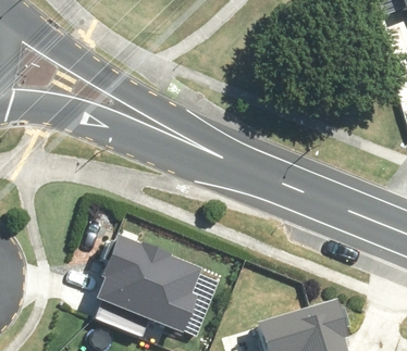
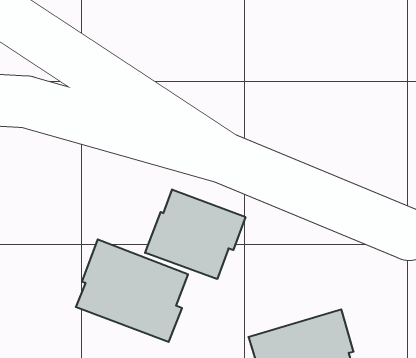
building: none -> [145,189,245,279]

